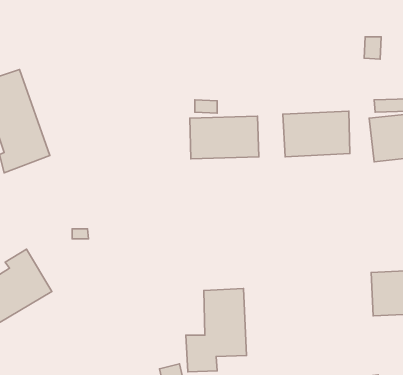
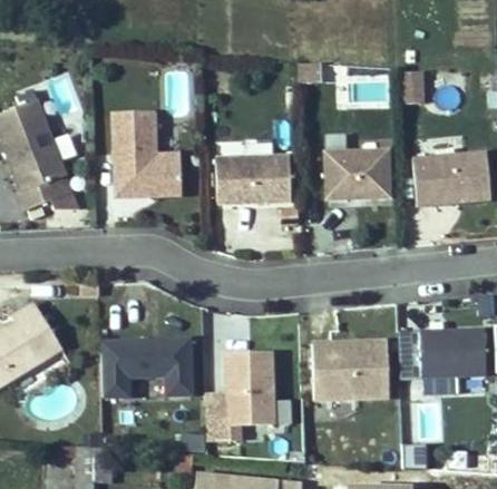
building: none -> [111,111,181,198]
building: none -> [104,340,197,398]
building: none -> [316,340,393,399]

